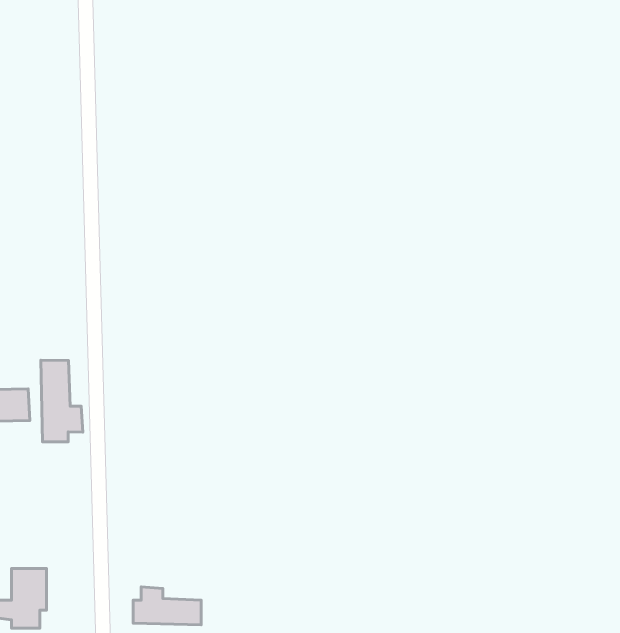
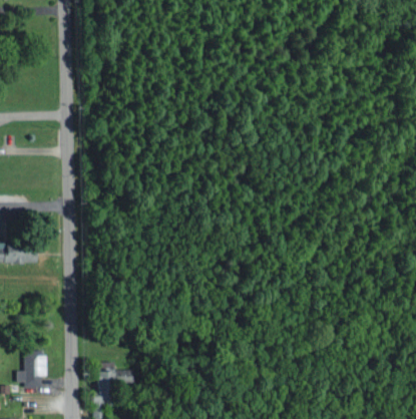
building: [41,360,83,442] -> none

